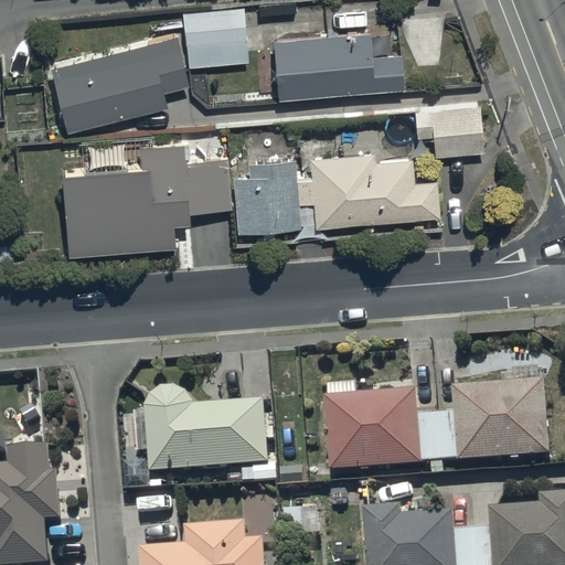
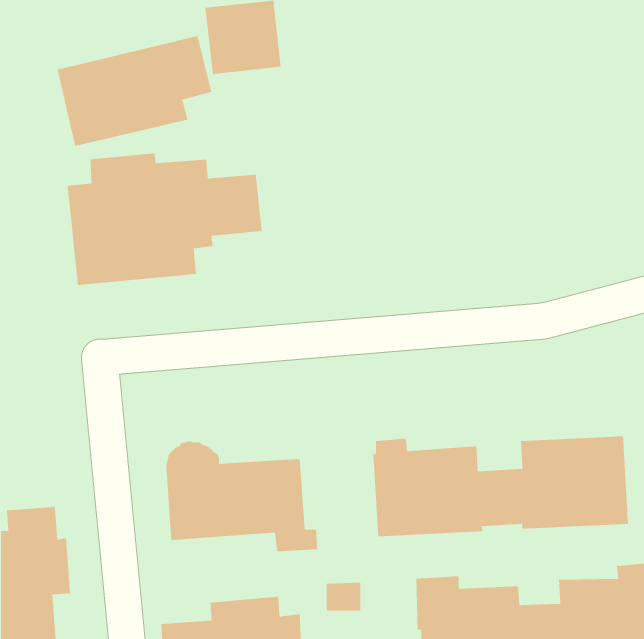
building: [273,30,402,97] -> none
building: [413,107,482,156] -> none
building: [233,150,438,232] -> none

